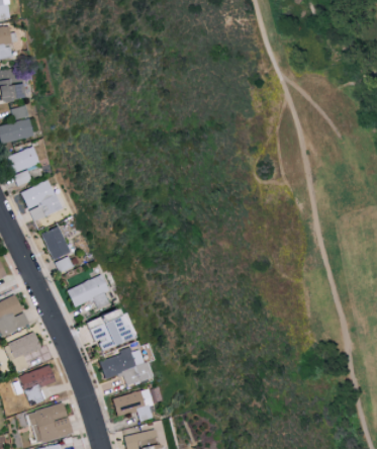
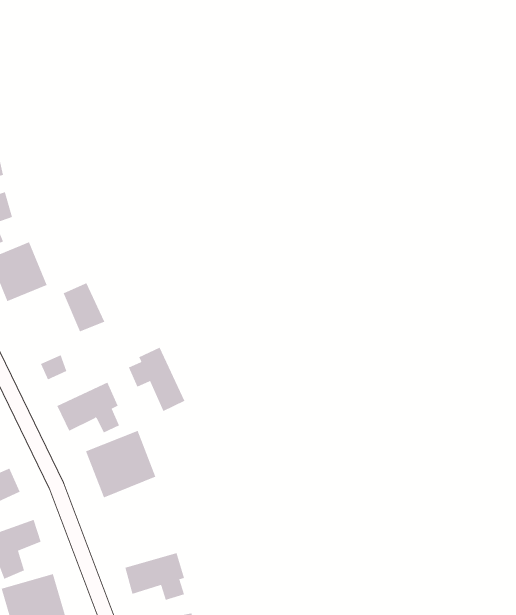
building: [42,226,71,259] -> [63,282,105,332]
building: none -> [128,347,185,412]
building: [99,347,150,385] -> none

